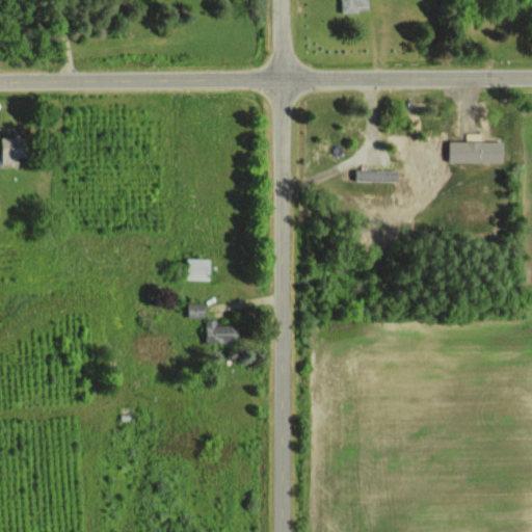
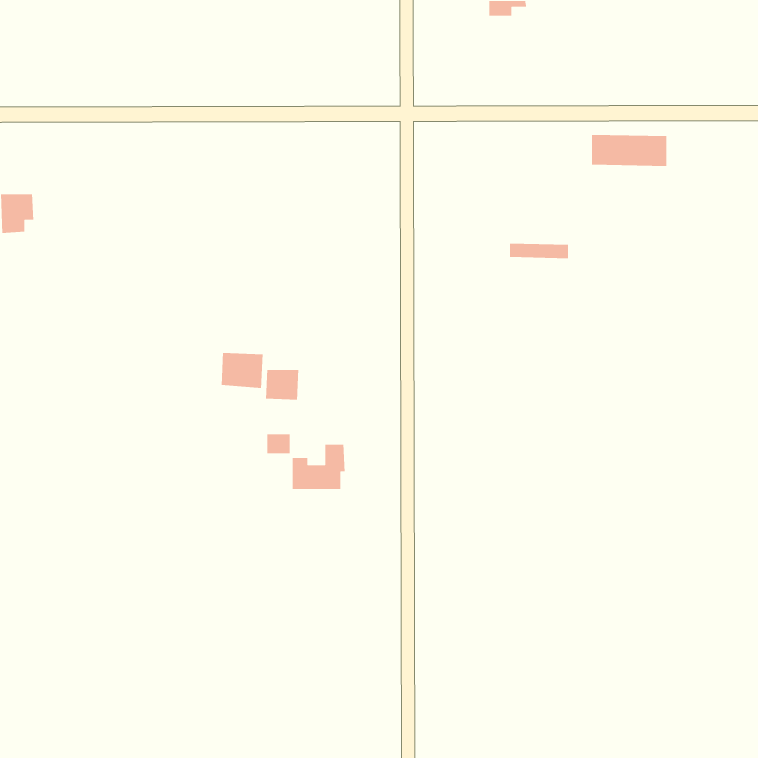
building: [451,141,504,164] -> [591,134,667,167]
building: none -> [221,352,263,389]

